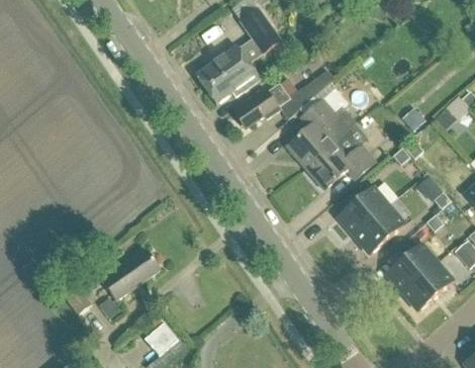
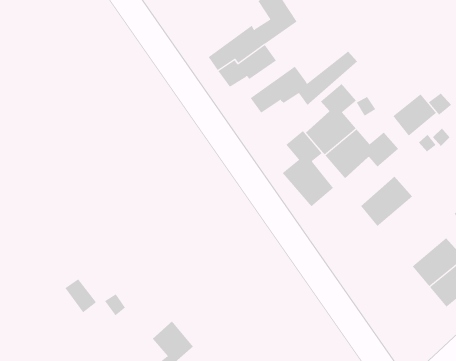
building: none -> [393,94,437,136]
building: none -> [282,130,334,207]
building: [355,205,404,253] -> none
building: [103,249,160,299] -> none

